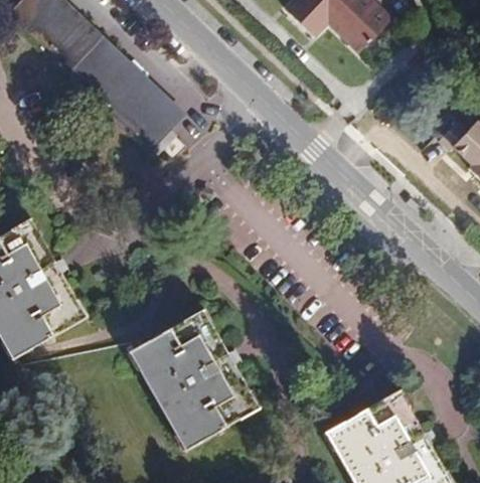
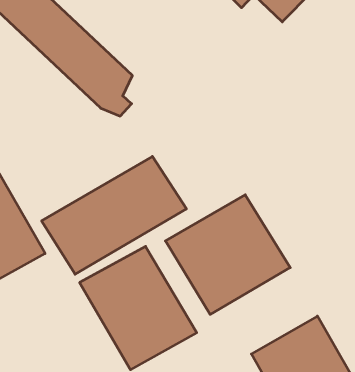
building: none -> [42,156,186,274]
building: none -> [165,195,290,314]

